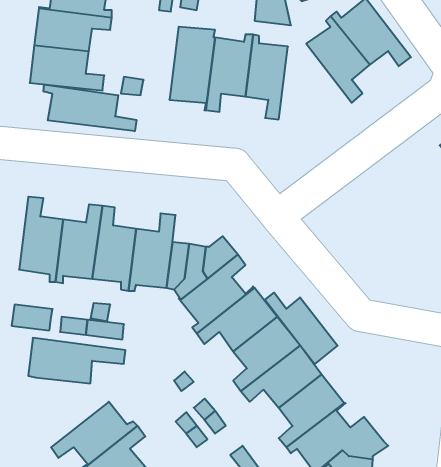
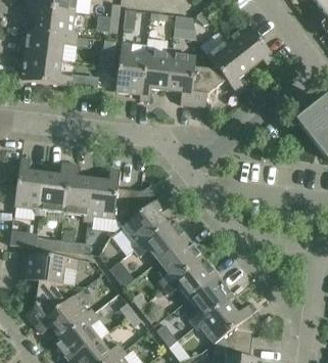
building: none -> [189,53,238,106]
building: [44,84,136,131] -> none
building: [265,293,338,364] -> none
building: none -> [25,278,75,325]

